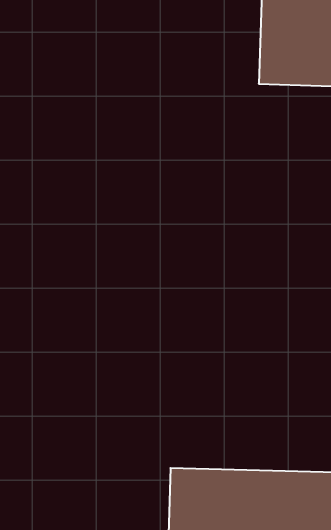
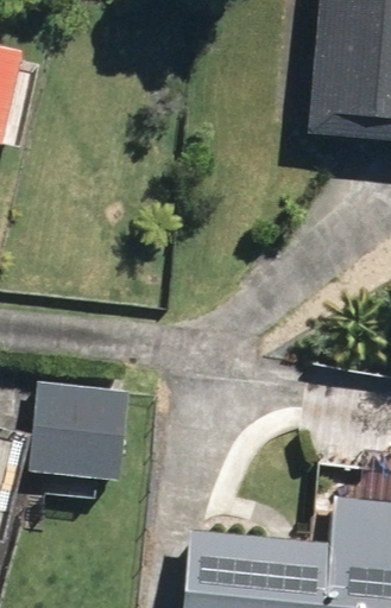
building: none -> [24,382,147,481]

